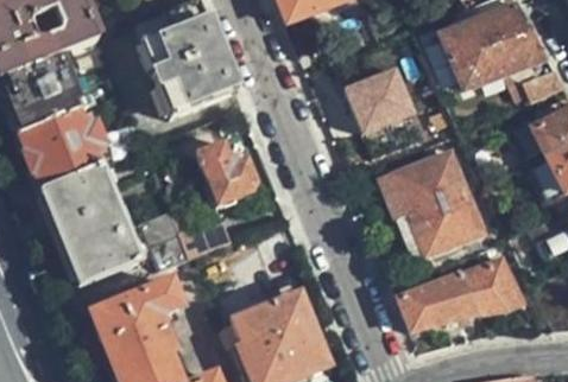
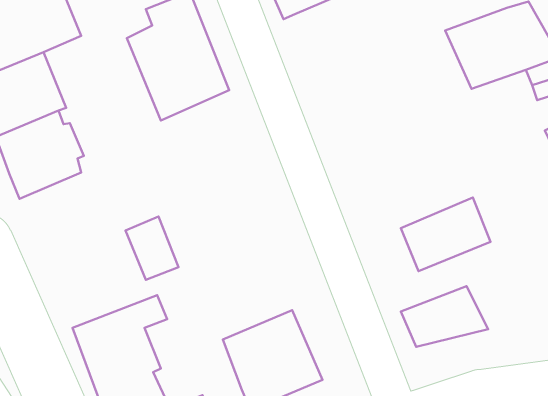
building: [343,64,416,133] -> none
building: [198,140,255,200] -> none
building: [383,152,466,218] -> none
building: [39,166,135,285] -> none
building: [460,259,523,313] -> none

